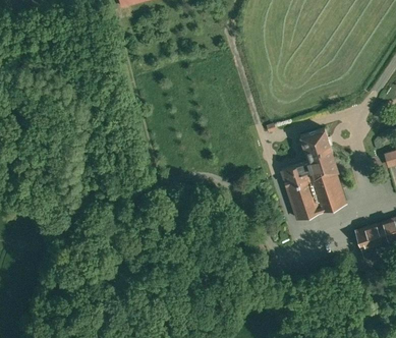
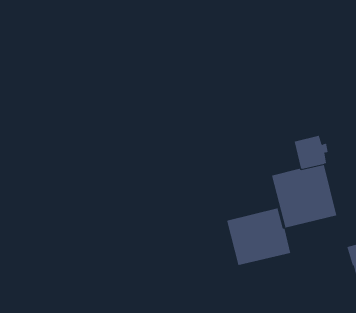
building: none -> [227,207,291,266]

